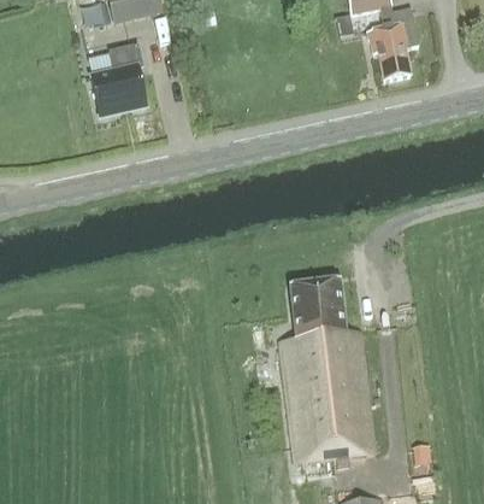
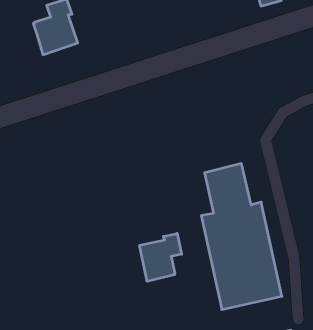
building: none -> [140,233,182,281]

